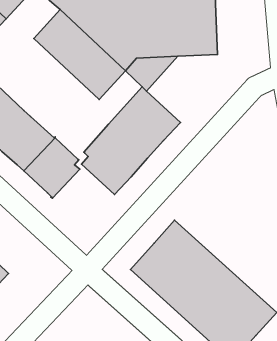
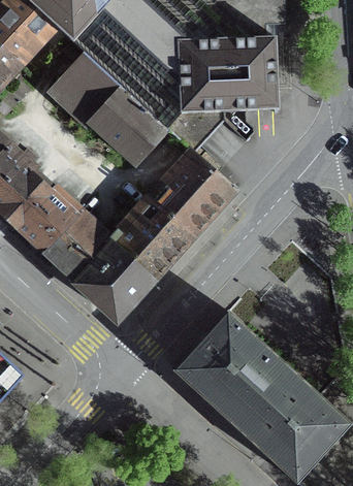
building: none -> [77,230,153,321]

